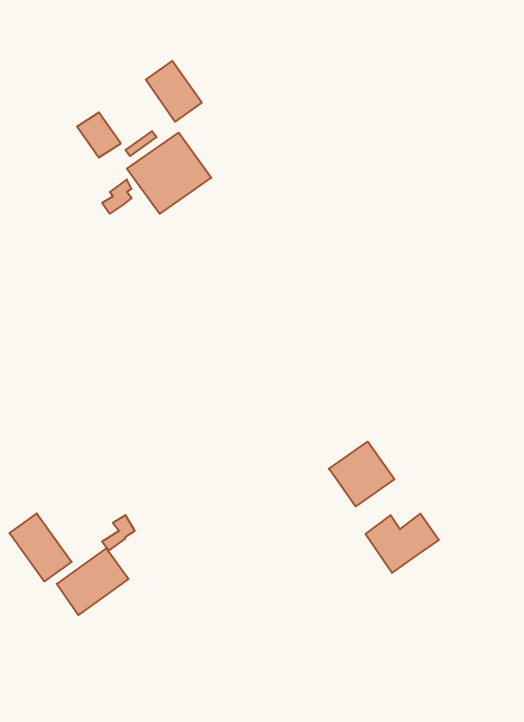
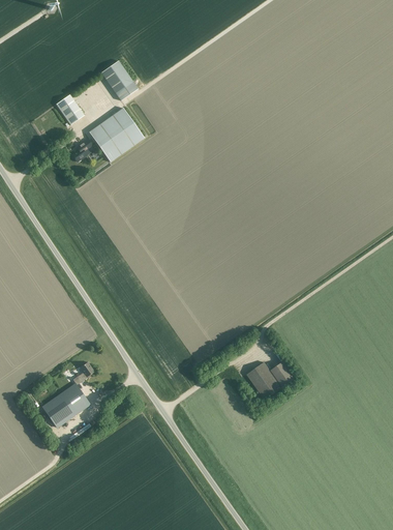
building: [329,442,394,506] -> none
building: [9,513,72,581] -> none

